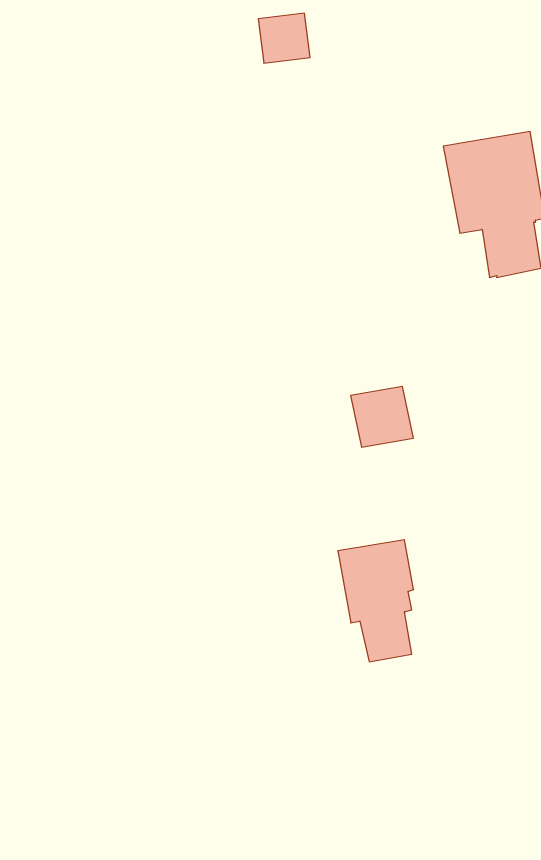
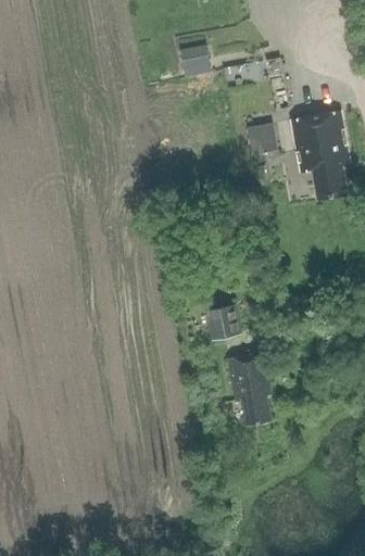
building: none -> [247,122,278,153]
building: [351,386,413,447] -> [204,305,241,341]

